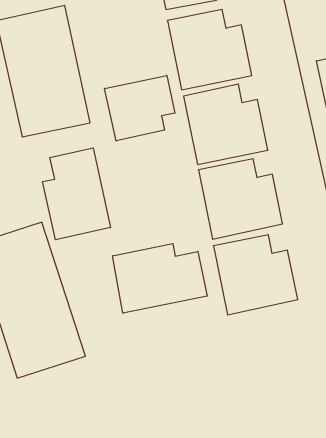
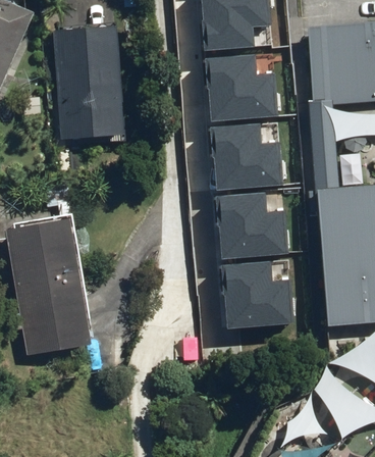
building: [105,75,175,141] -> none
building: [43,148,111,240] -> none
building: [113,244,207,313] -> none

